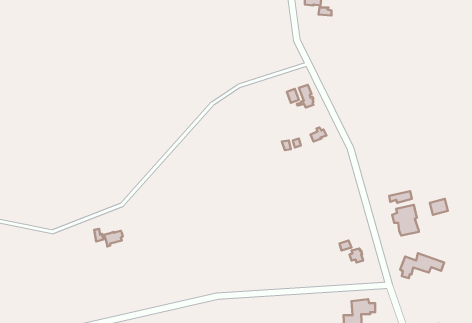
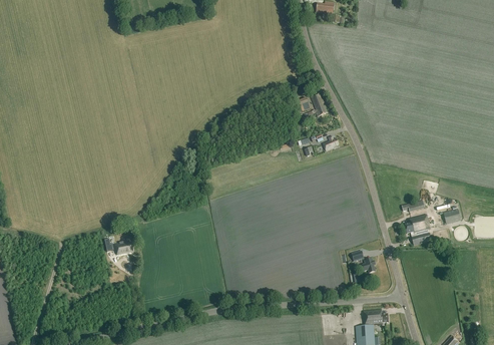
building: [400,253,444,278] -> none

